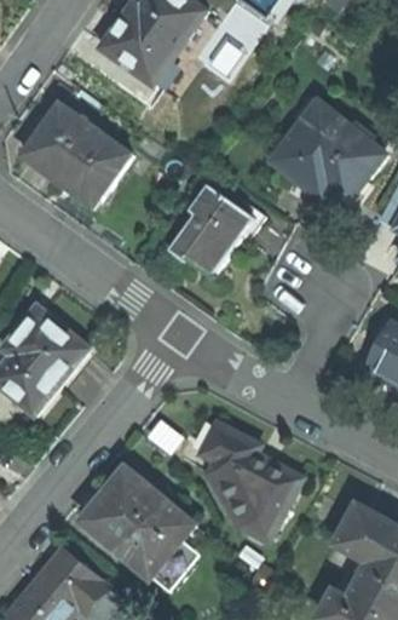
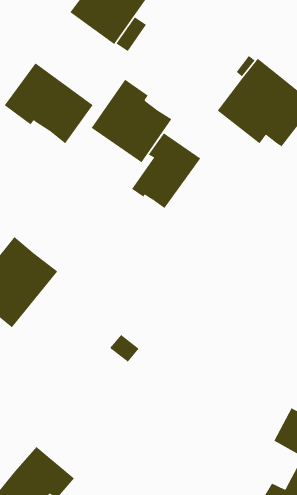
building: none -> [91,79,172,163]
building: [200,423,299,539] -> none
building: [88,469,198,580] -> none

